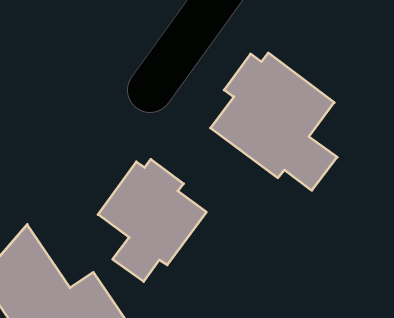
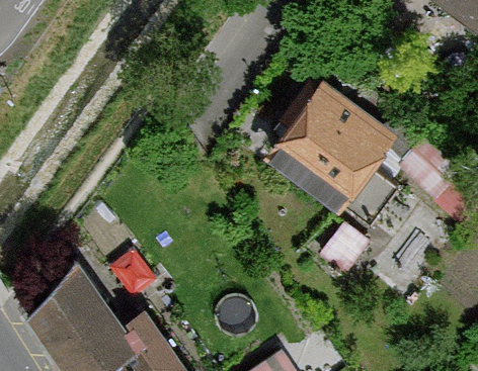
building: [98,159,206,282] -> none

